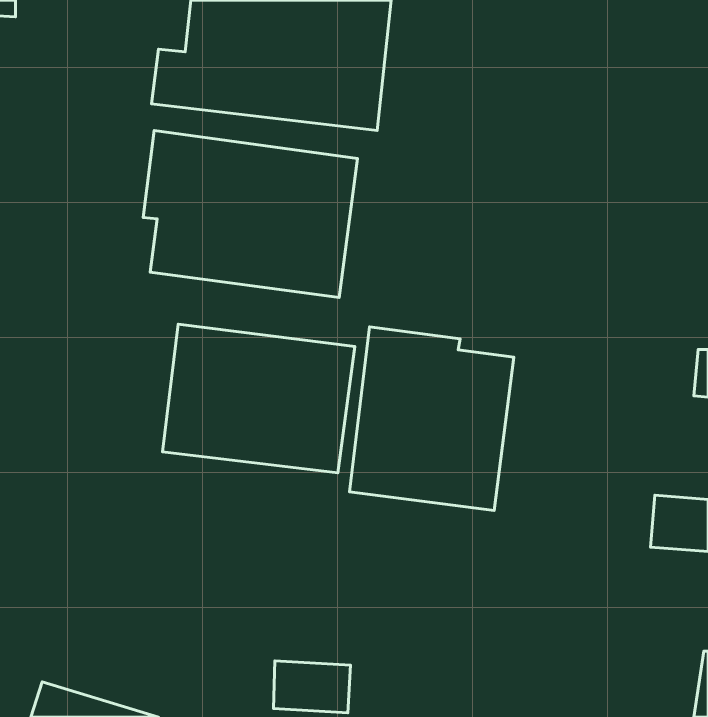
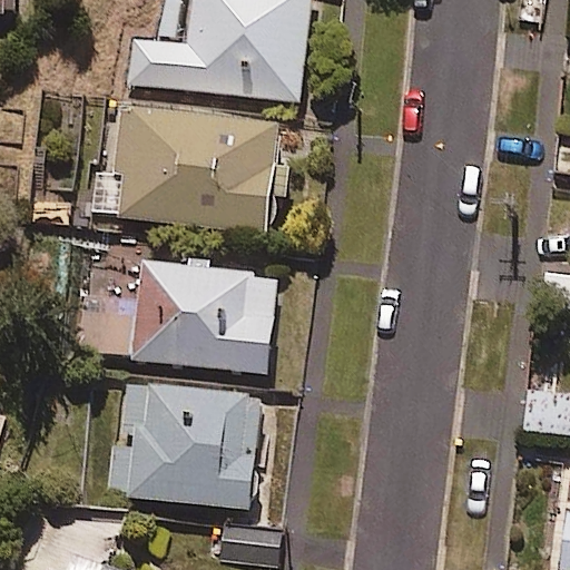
building: [349,327,514,511] -> none
building: none -> [100,384,262,510]

